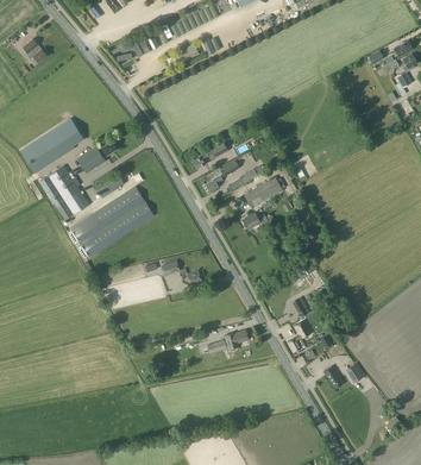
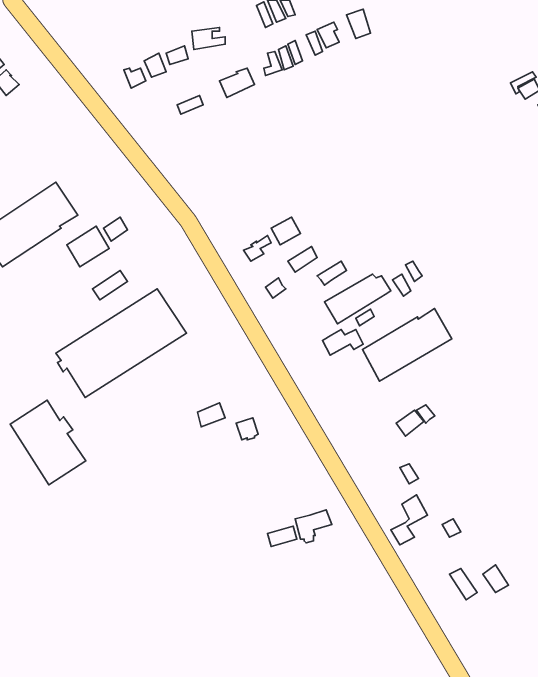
building: [40,165,89,220] -> [10,400,86,485]
building: none -> [363,309,452,381]

